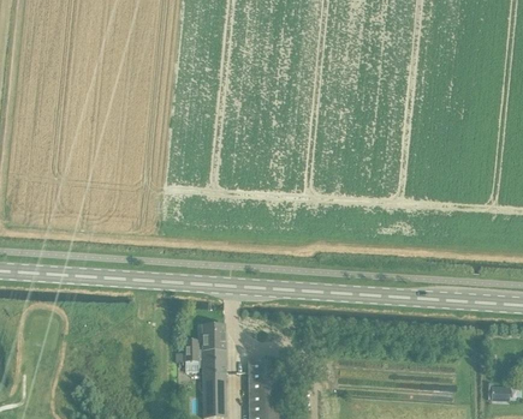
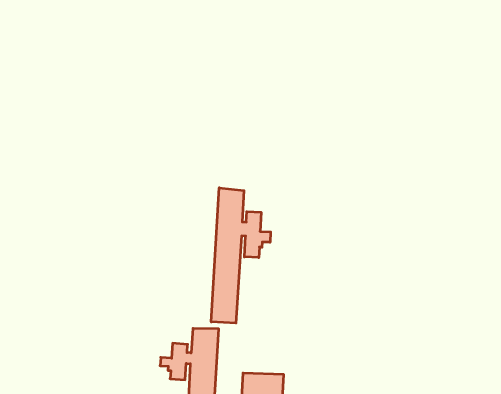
building: none -> [211,188,271,323]

